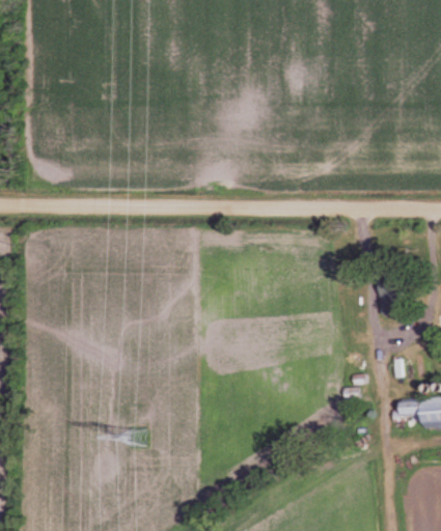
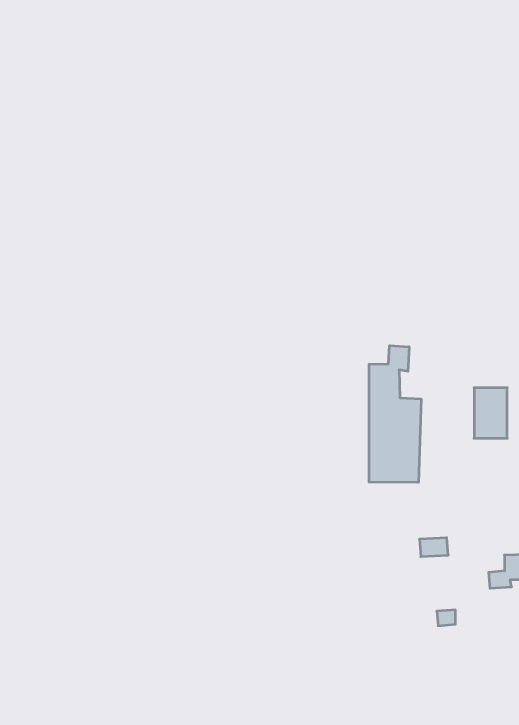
building: none -> [369,346,421,482]

